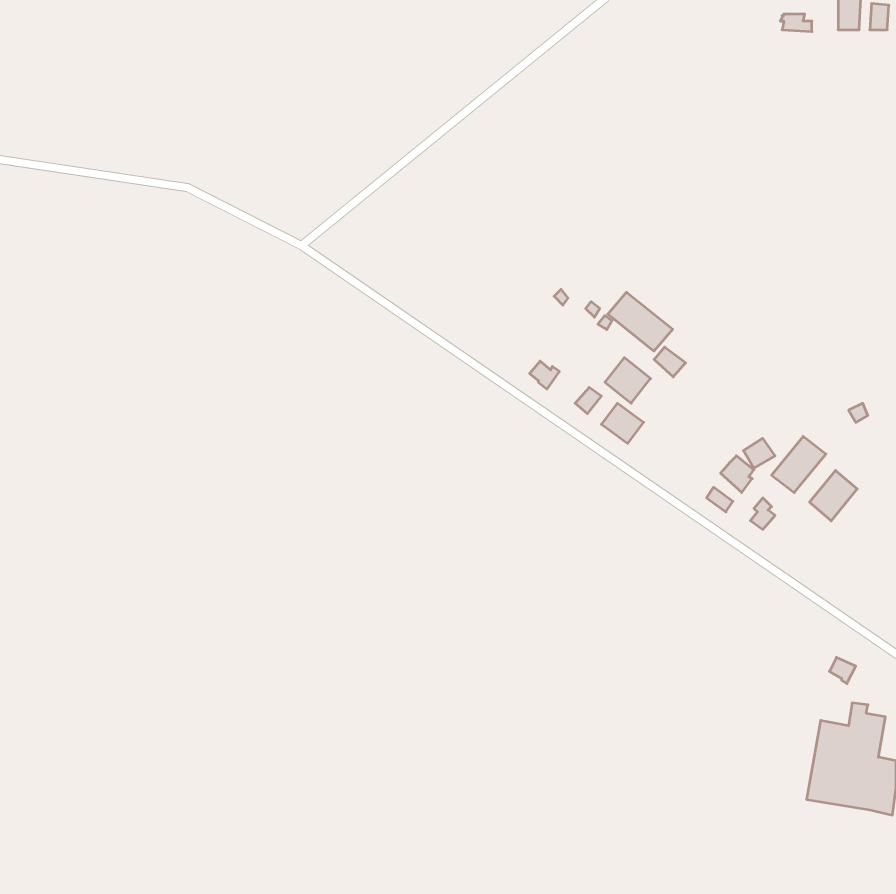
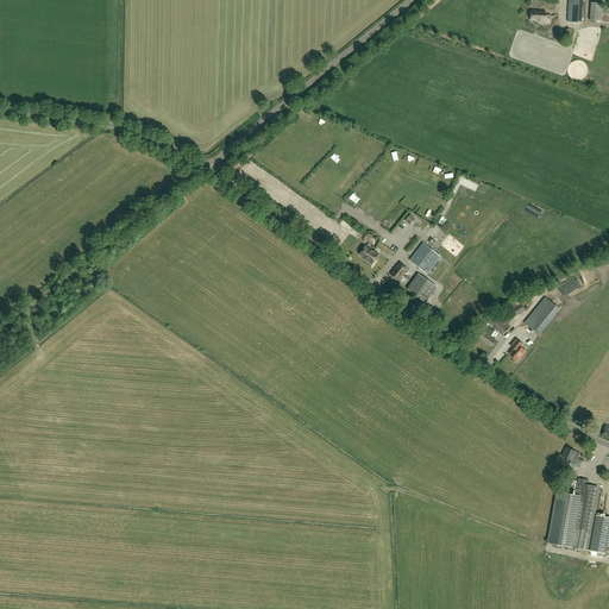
building: [608,292,673,351] -> none
building: [810,470,857,521] -> none

